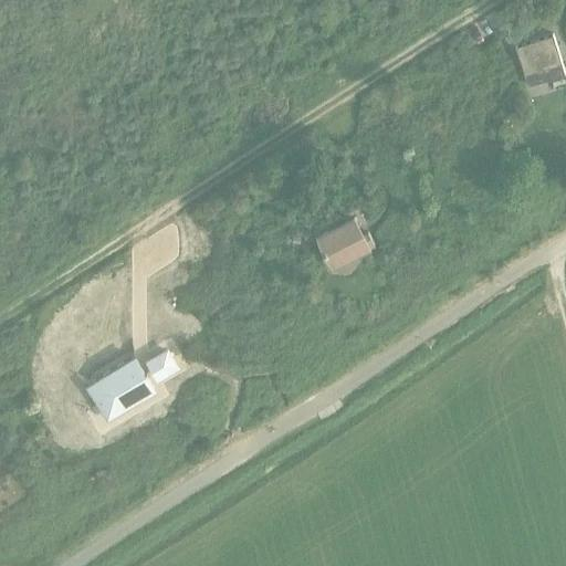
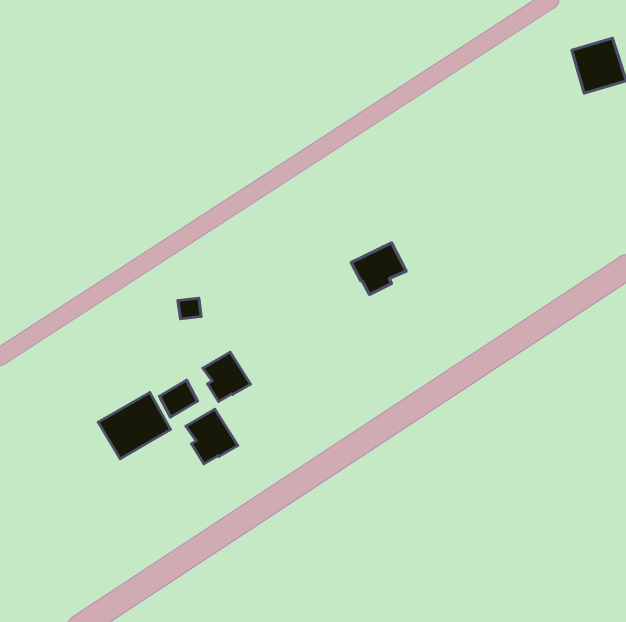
building: none -> [203,352,251,402]
building: none -> [186,409,238,464]

